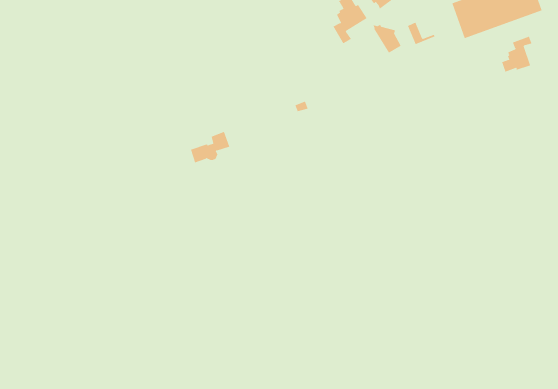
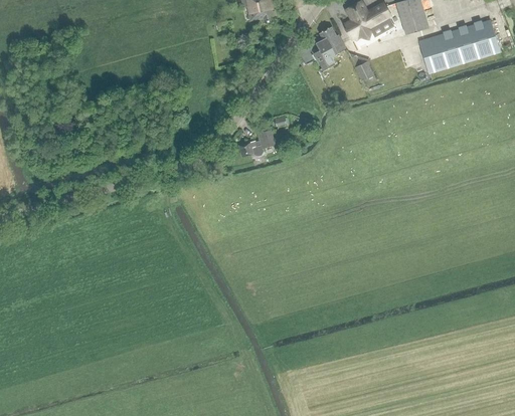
building: [501,36,532,72] -> none
building: [190,131,230,163] -> [239,130,275,156]

